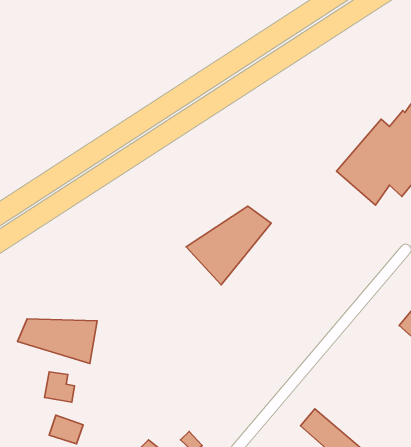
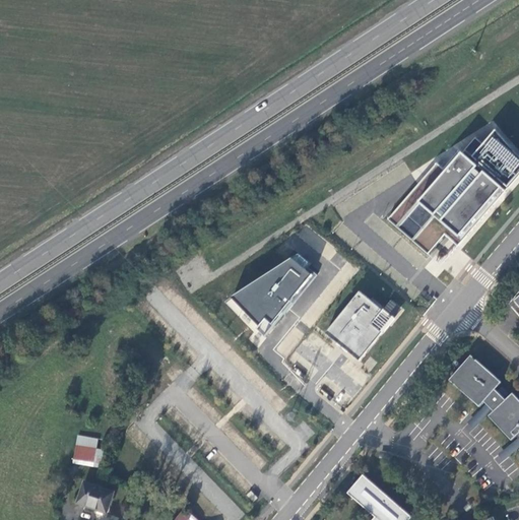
building: none -> [323,288,401,361]
building: [18,319,97,363] -> none

